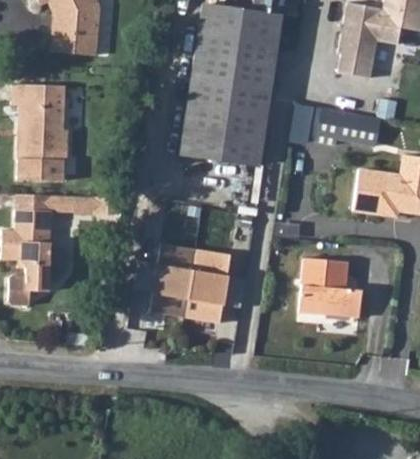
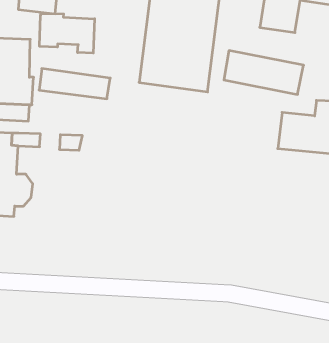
building: none -> [40,14,95,53]
building: [189,135,272,170] -> [39,69,110,99]
building: [148,246,227,322] -> none
building: [300,257,362,314] -> none

